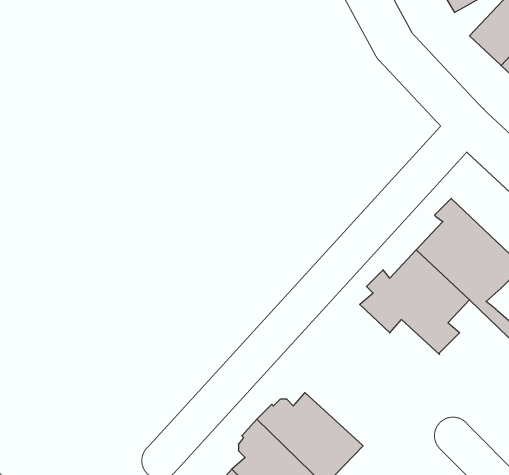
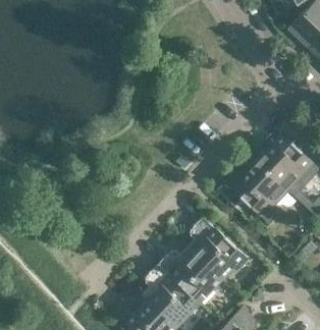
building: none -> [188,215,250,279]

